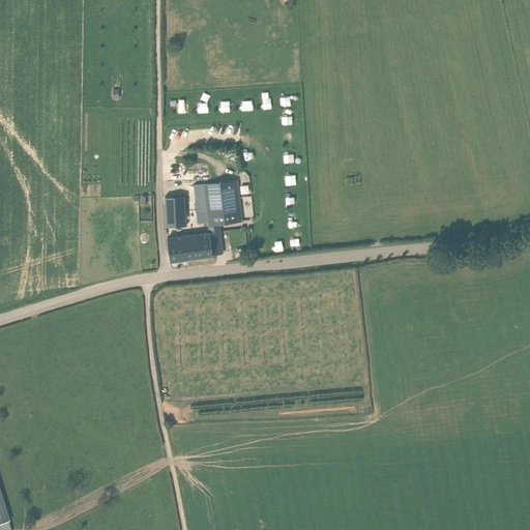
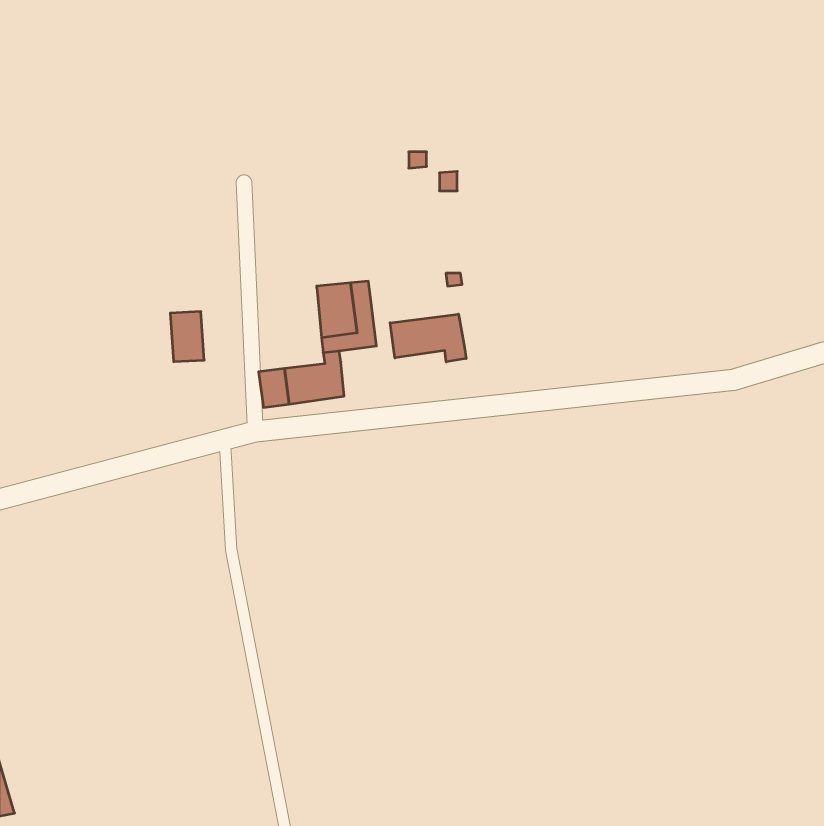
building: [164,196,185,228] -> [170,312,204,362]
building: none -> [390,314,466,362]

